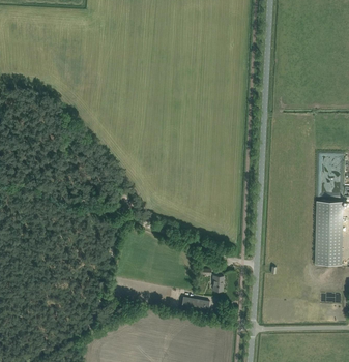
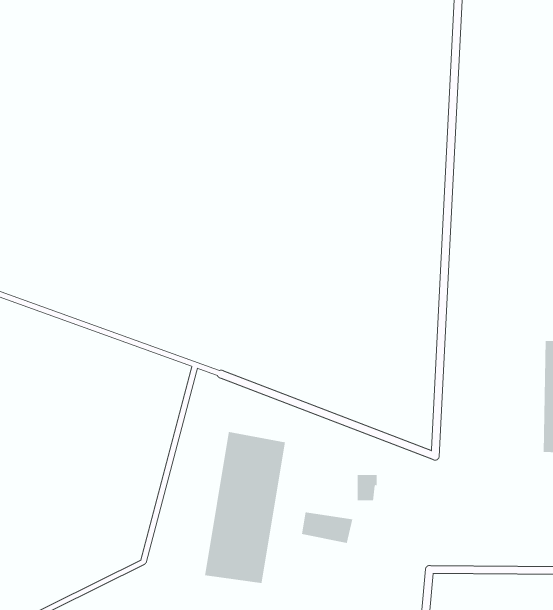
building: none -> [205,431,286,584]

